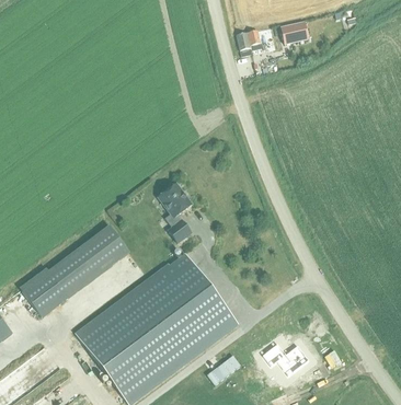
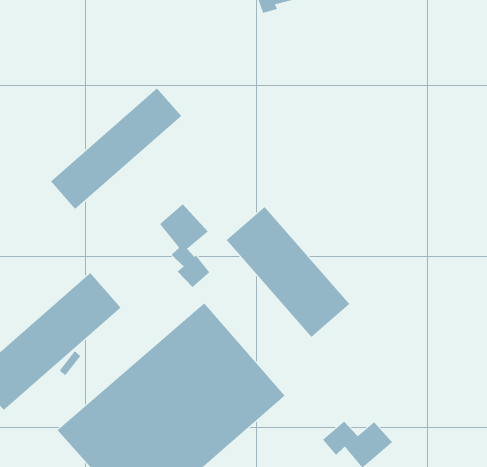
building: none -> [50,87,182,210]
building: none -> [226,206,350,338]

